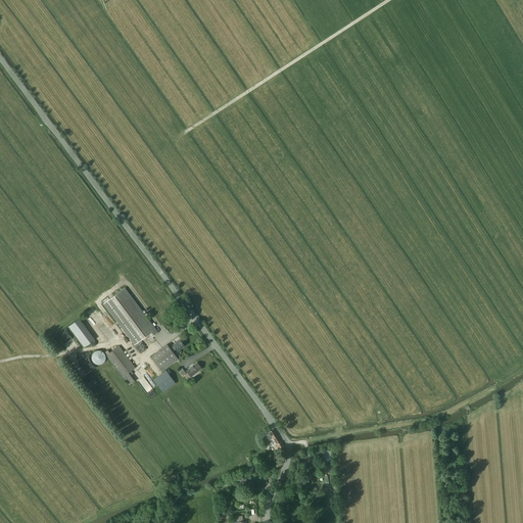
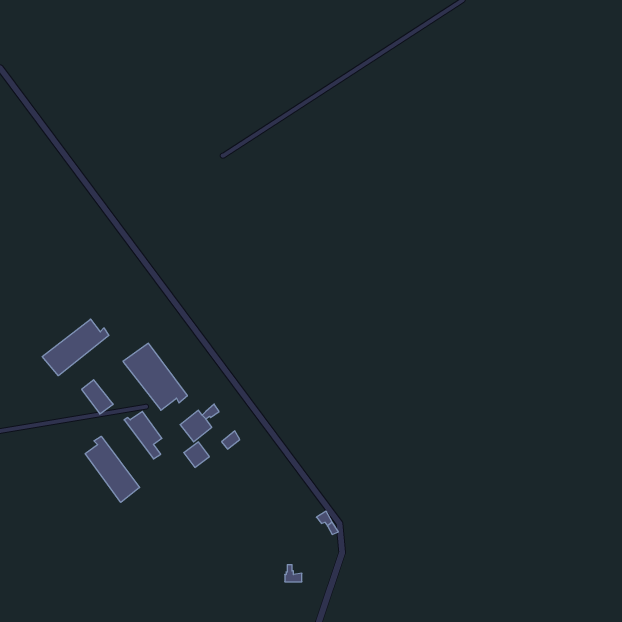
building: none -> [42,319,109,376]
building: none -> [85,436,140,502]

